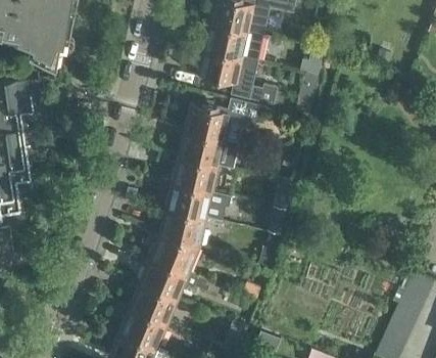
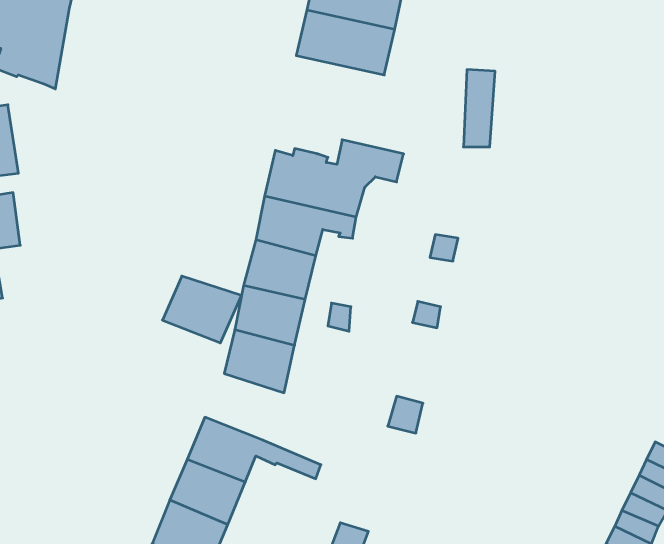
building: [200,50,277,104] -> none
building: [152,235,198,274] -> [162,276,242,343]

